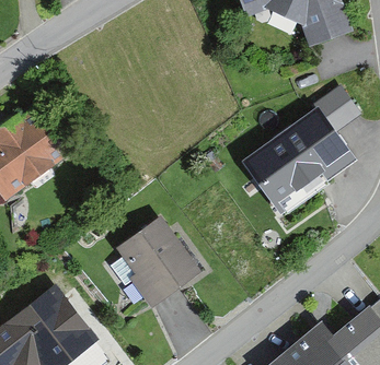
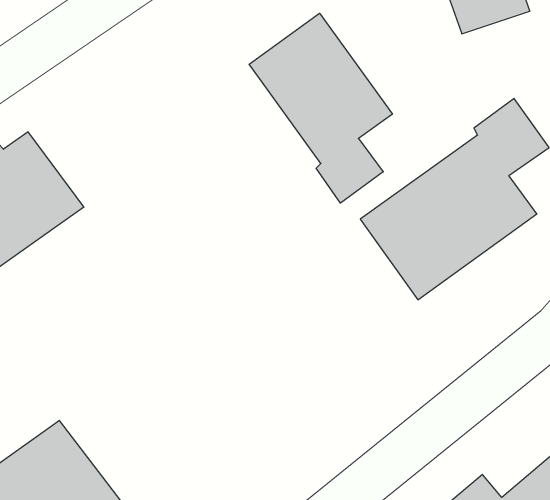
building: none -> [249,13,392,203]
building: [114,215,200,308] -> none

